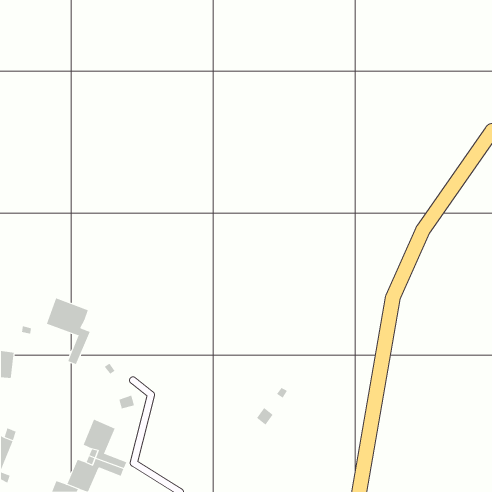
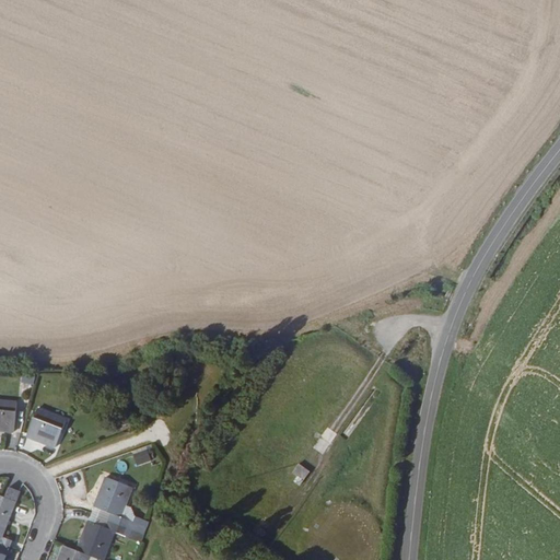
building: [46,297,90,365] -> none
building: none -> [25,407,66,446]

